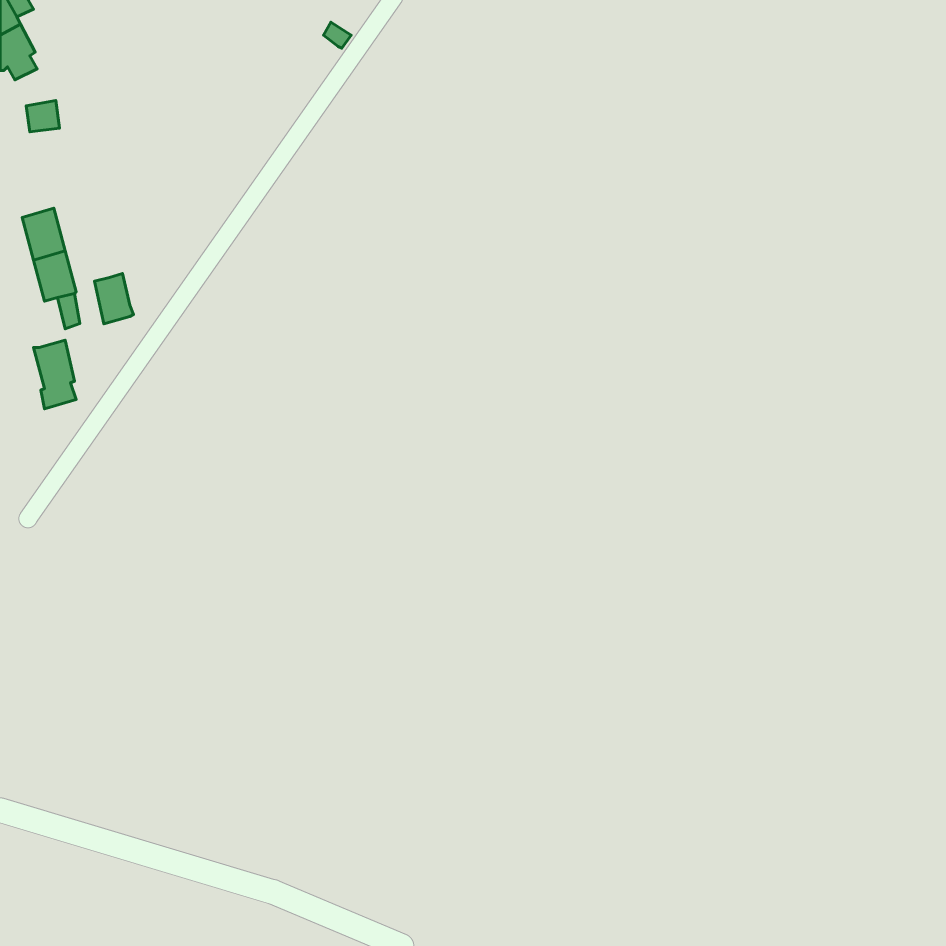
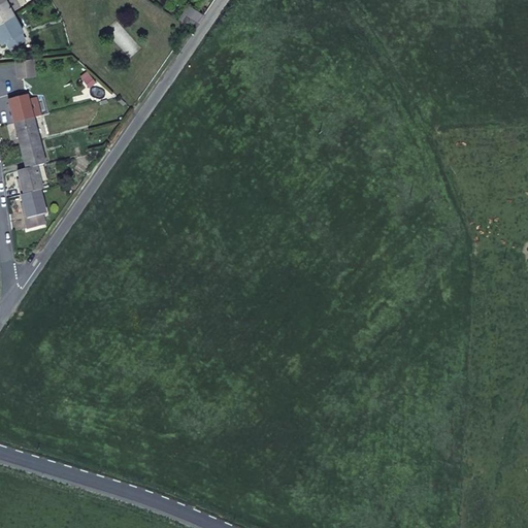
building: none -> [8,93,32,121]
building: [95,274,134,324] -> [19,165,40,193]

